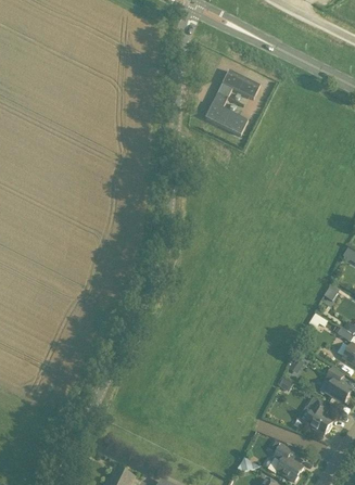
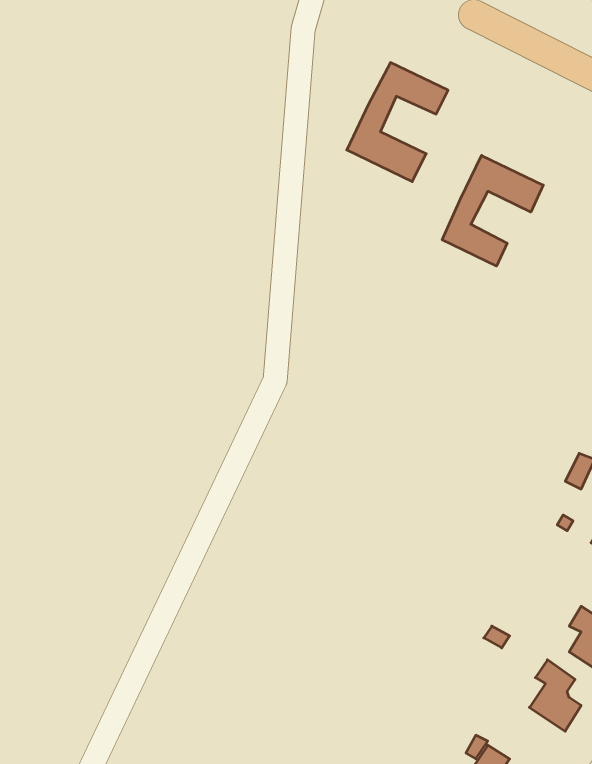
building: none -> [442,155,543,266]

